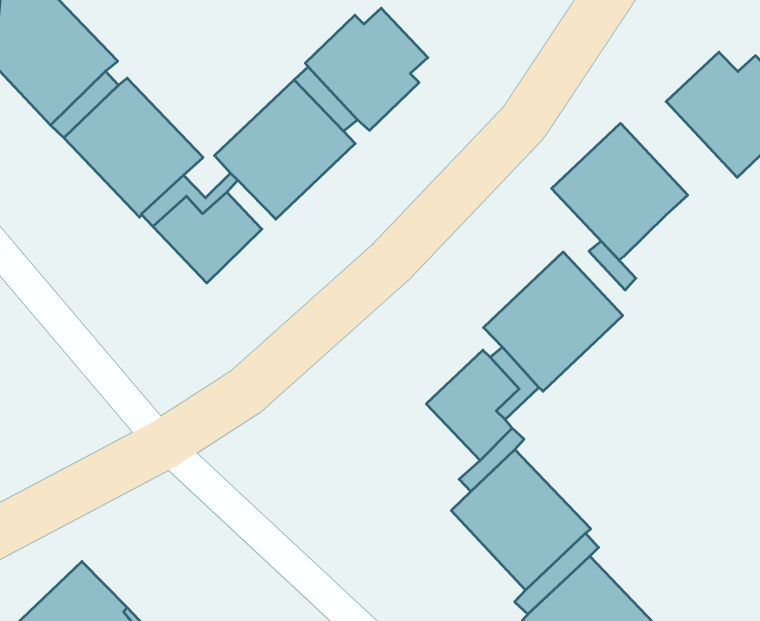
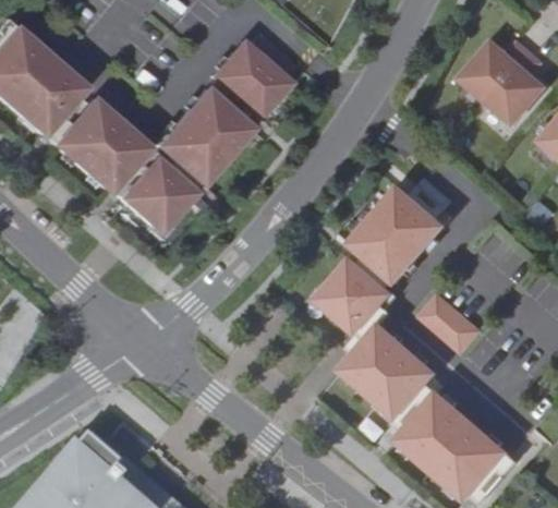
building: [552,123,688,260] -> none
building: none -> [418,297,478,353]

